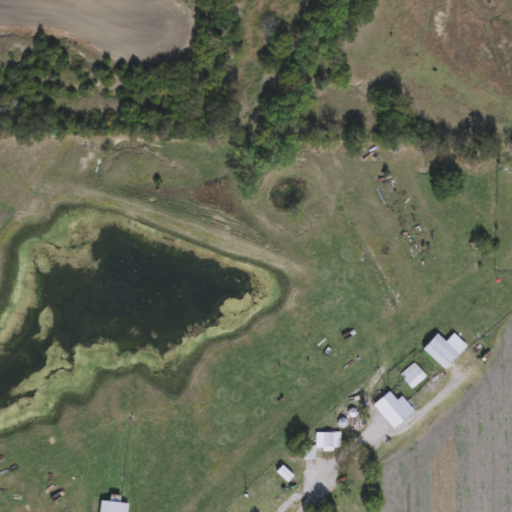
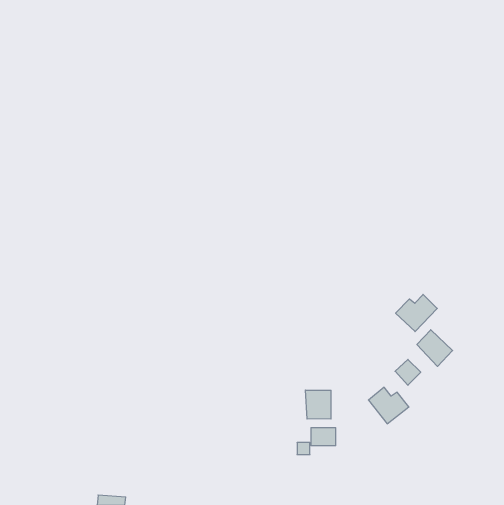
building: none -> [396,294,437,332]
building: none -> [305,390,331,419]

